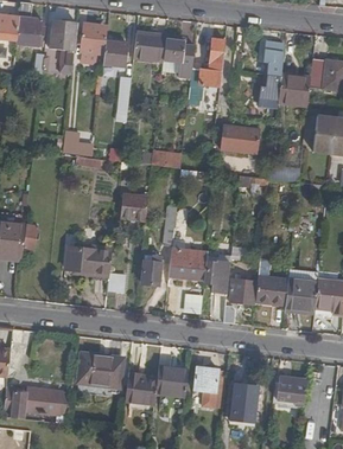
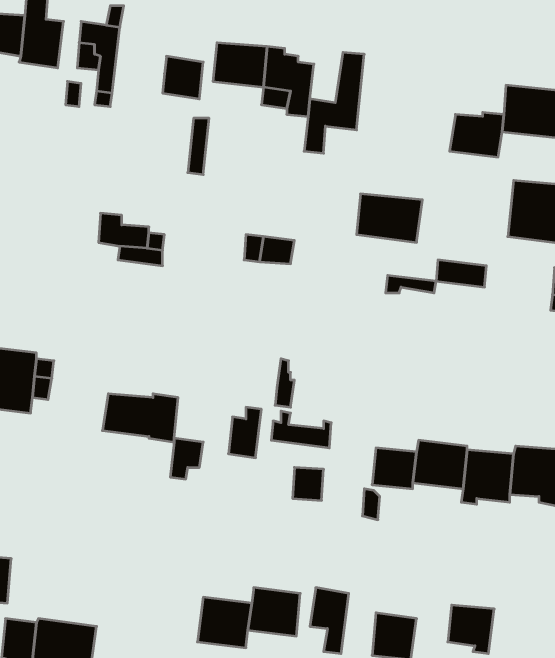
building: [82,24,106,52] -> none
building: [259,40,285,105] -> none
building: [122,194,148,220] -> none
building: [204,261,230,294] -> none
building: [74,348,122,386] -> none

